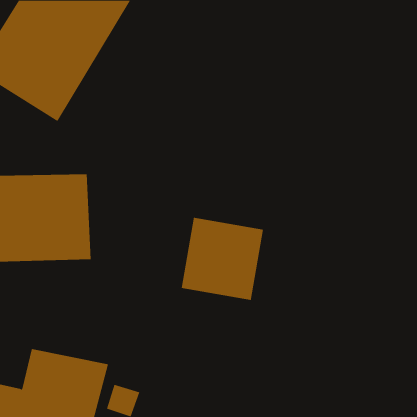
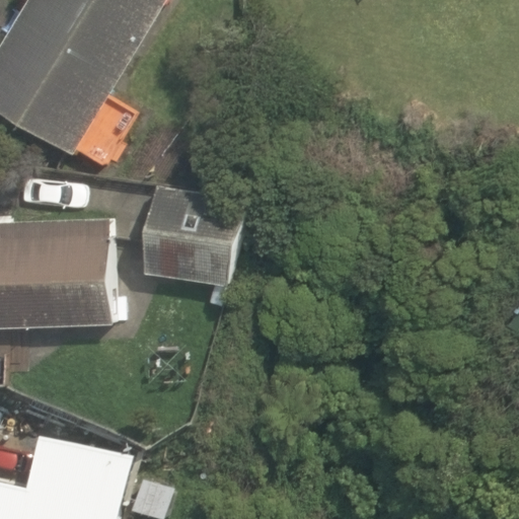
building: [181,217,264,300] -> [141,187,243,289]

